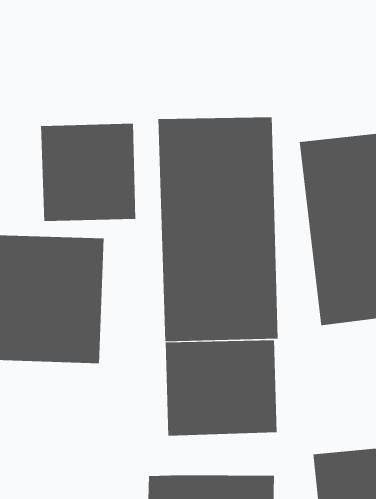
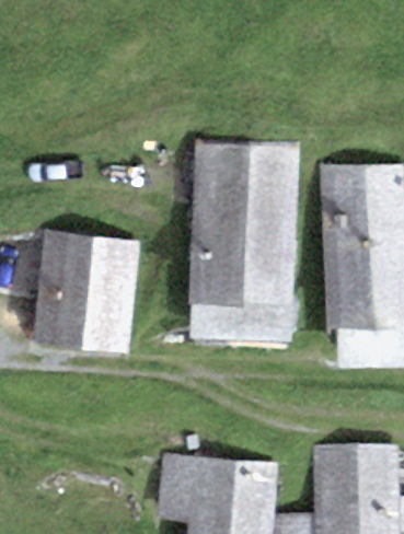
building: [40,123,136,222] -> none
building: [165,339,277,436] -> none

